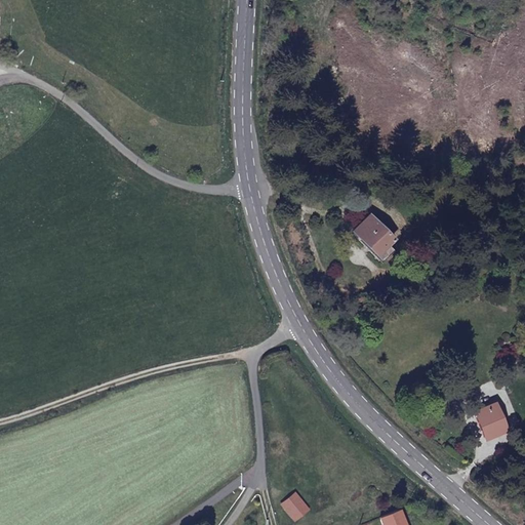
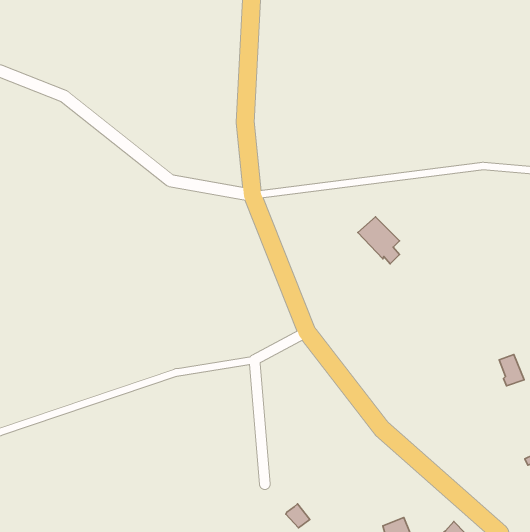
building: [482,407,507,438] -> [499,355,524,386]

